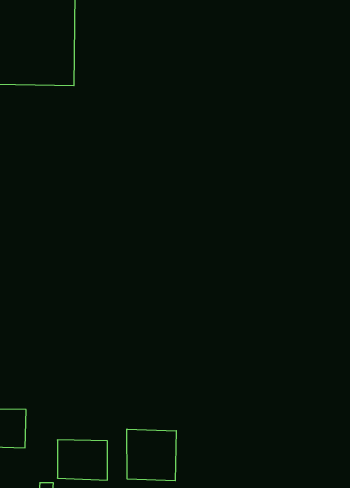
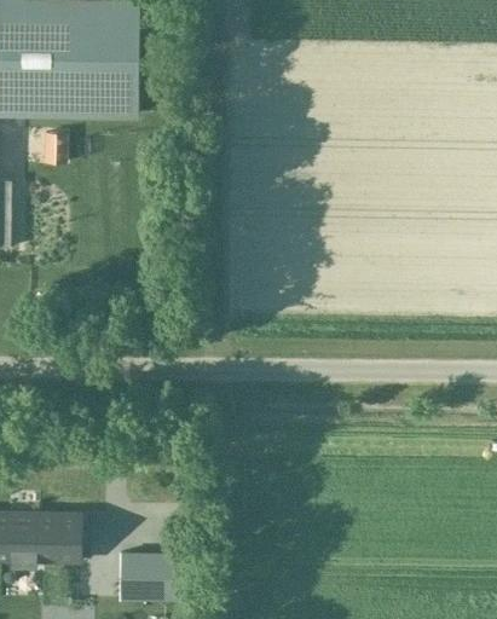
building: [127,429,176,481] -> none

